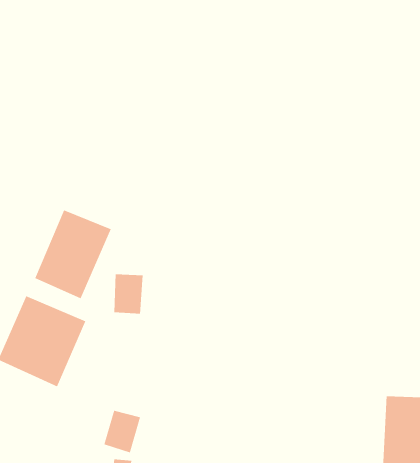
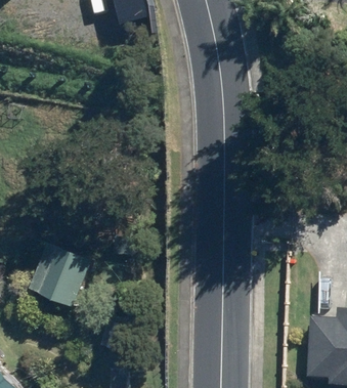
building: [34,209,111,299] -> none

